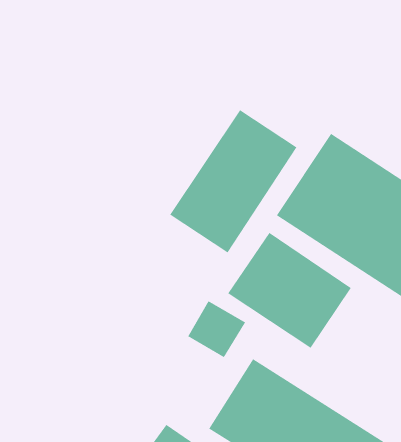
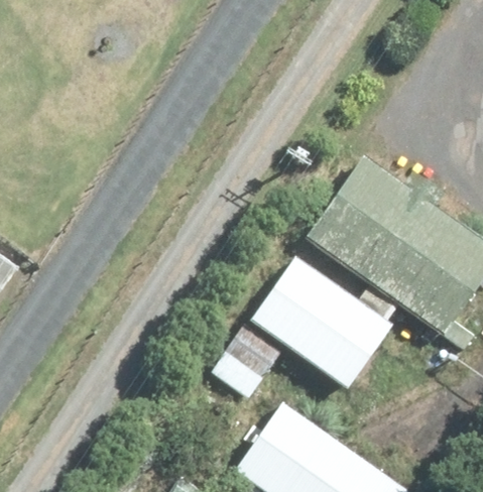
building: [169,109,298,254] -> none

